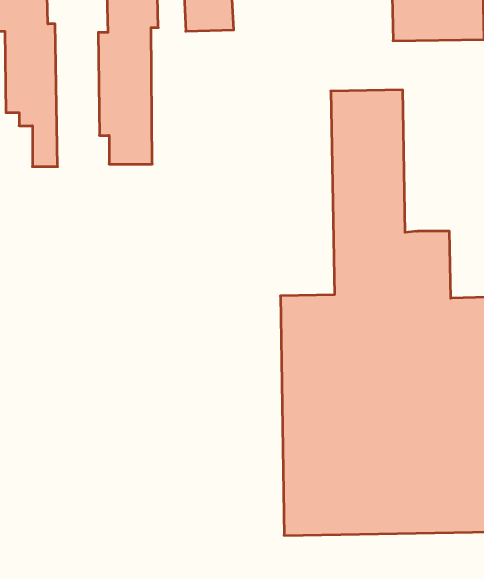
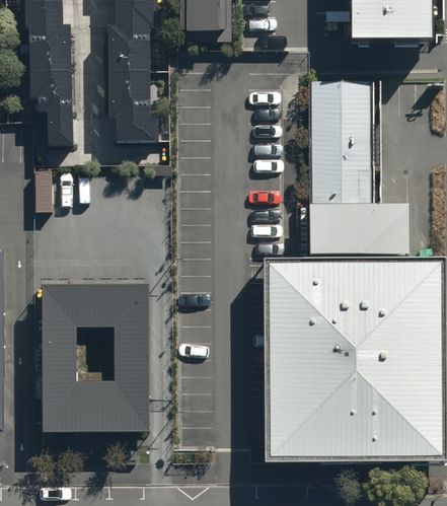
building: none -> [50,288,151,438]

